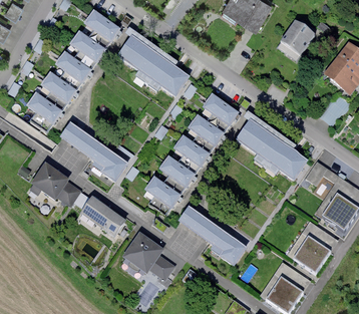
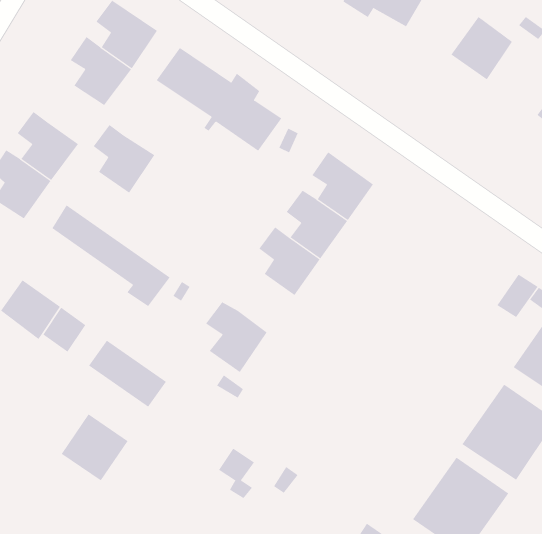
building: [56,52,90,90] -> [93,124,155,194]
building: [237,120,306,179] -> none
building: [160,155,195,194] -> none
building: [180,208,245,264] -> none
building: [124,234,161,271] -> [61,414,129,481]

